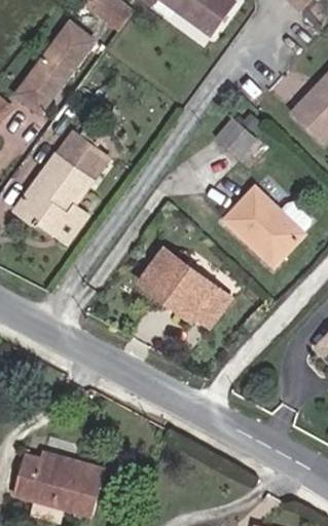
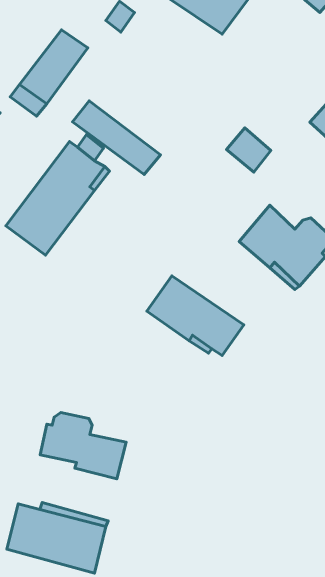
building: none -> [72,101,161,175]
building: none -> [40,413,126,479]

